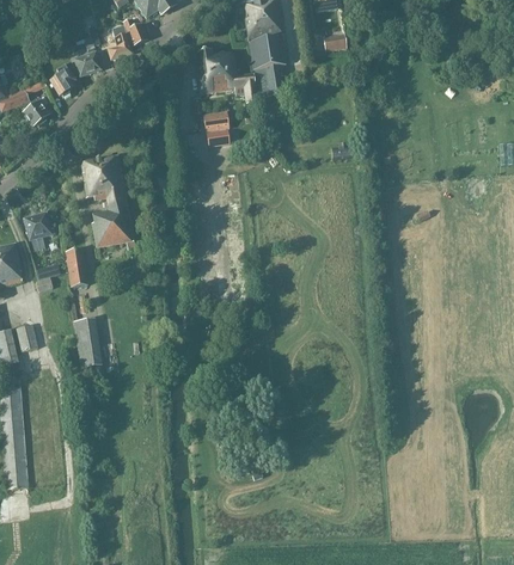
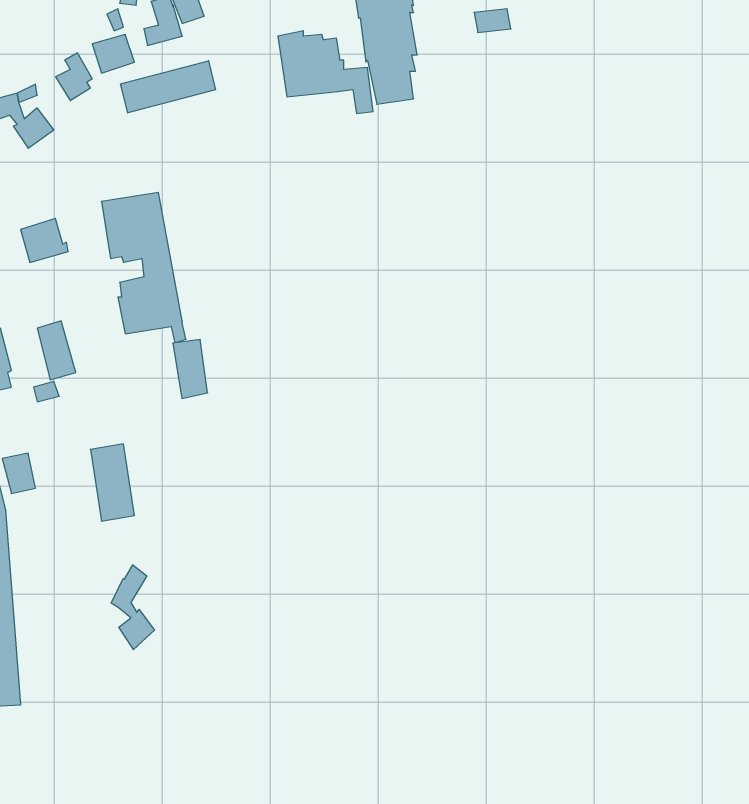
building: none -> [121,61,216,113]
building: [204,111,232,142] -> none
building: [24,211,55,240] -> [21,218,68,262]
building: [66,248,88,287] -> [173,340,208,398]
building: none -> [111,565,154,650]

